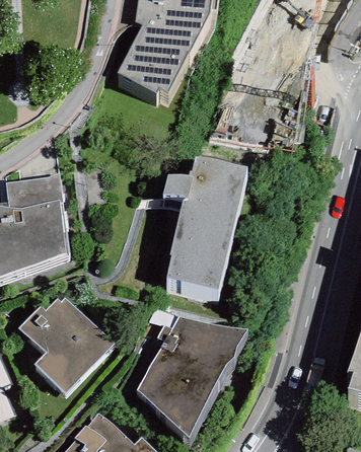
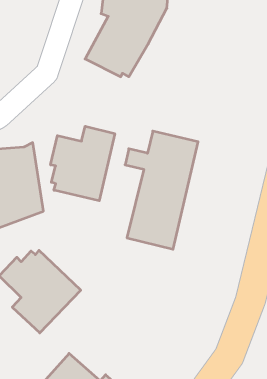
building: none -> [51,126,115,201]
building: [137,317,247,437] -> none

